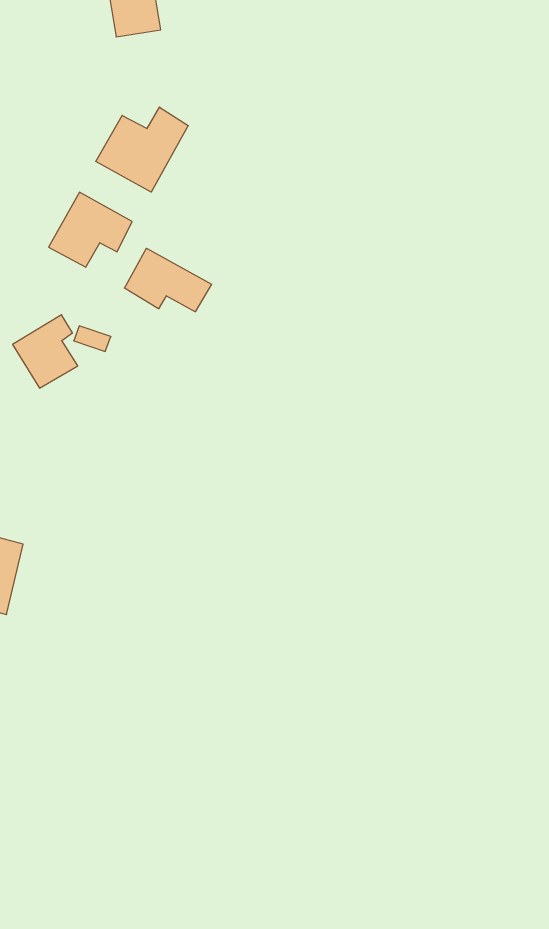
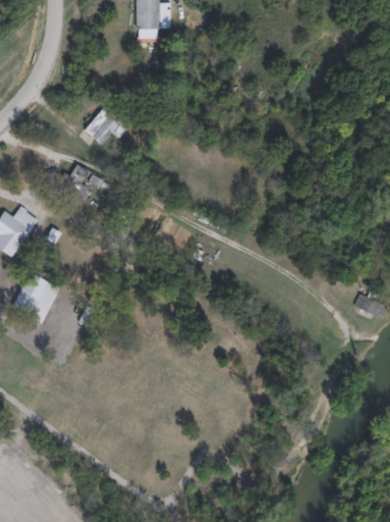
building: [96,107,188,192] -> none
building: [124,248,212,312] -> none

